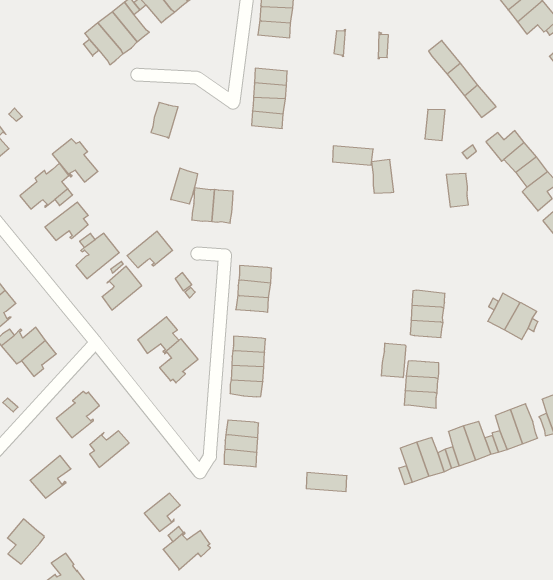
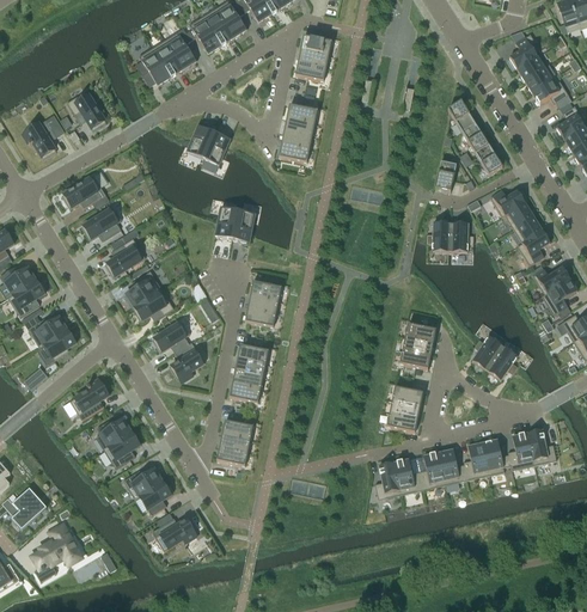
building: [52,139,98,182] -> [66,88,105,129]
building: [372,160,394,193] -> [432,221,450,251]
building: [171,168,198,204] -> [202,130,230,164]
building: [127,231,173,268] -> [132,288,173,319]
building: [381,343,406,378] -> none
building: [30,456,71,498] -> [103,429,141,466]
building: none -> [123,466,164,497]

